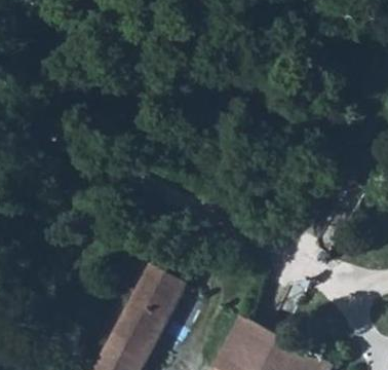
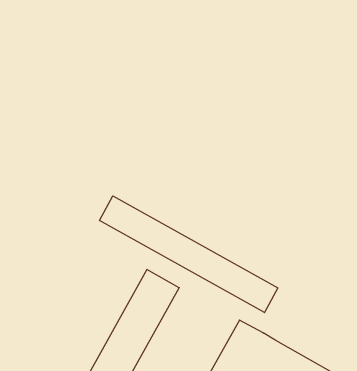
building: none -> [100,196,278,313]

